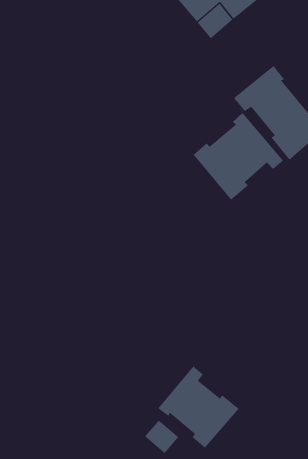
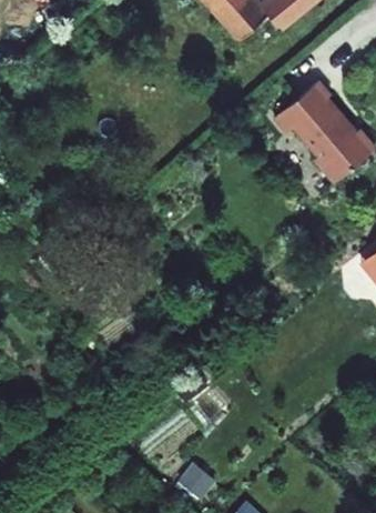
building: [193,112,284,201] -> none
building: [158,365,239,448] -> none

